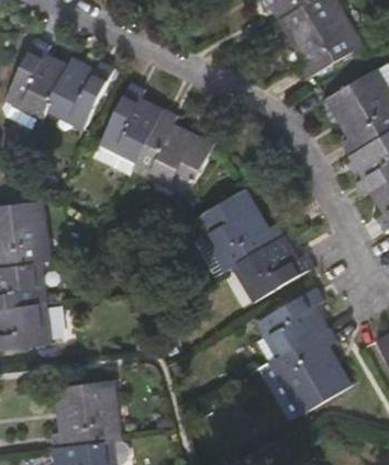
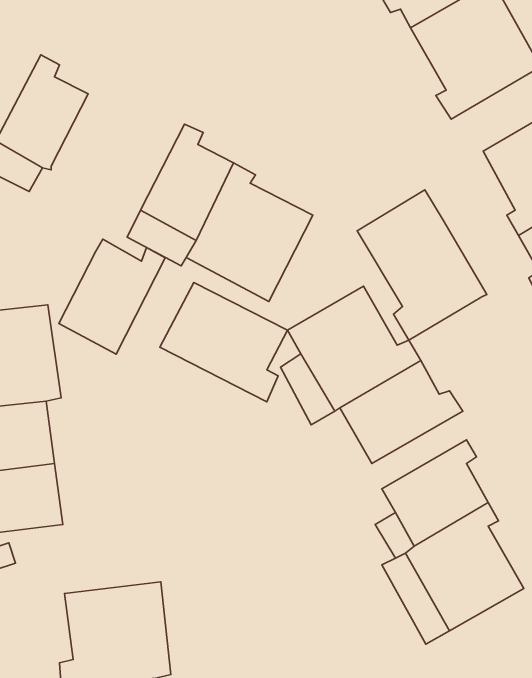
building: [44,56,113,131] -> [59,239,165,354]
building: none -> [357,190,487,340]
building: none -> [160,282,287,402]

